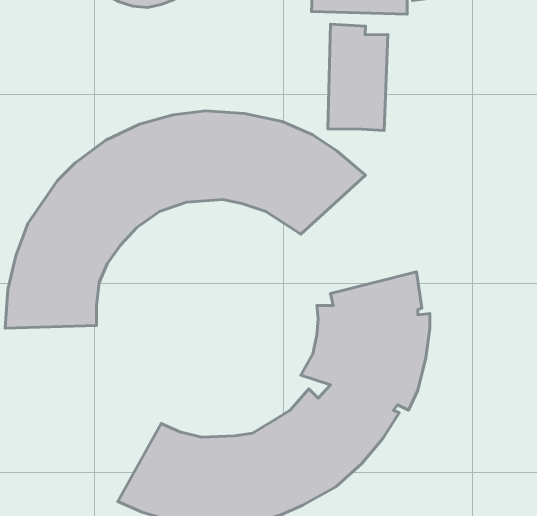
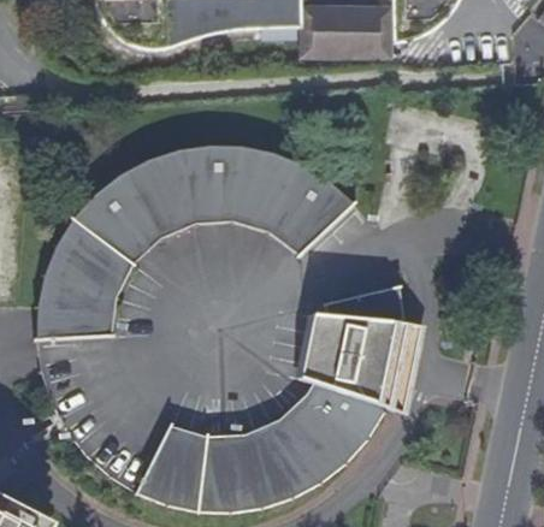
building: [328,24,388,131] -> none

